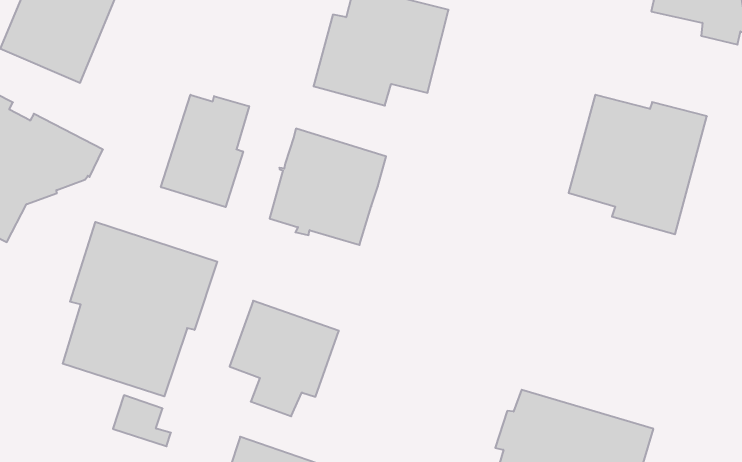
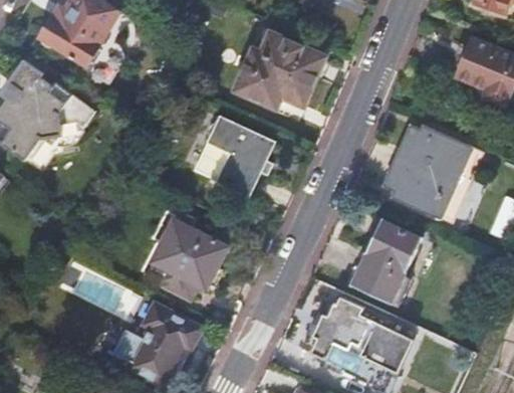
building: [161,95,249,207] -> none
building: [63,222,217,396] -> none
building: none -> [351,218,422,307]

